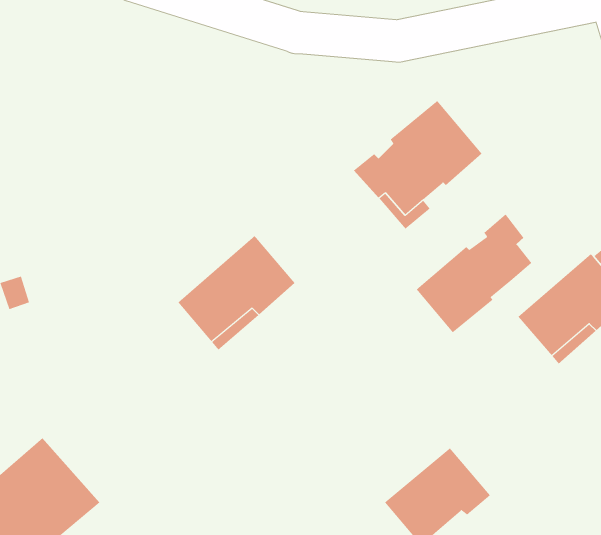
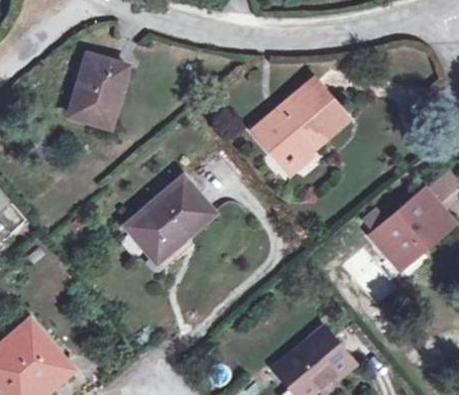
building: none -> [71,53,128,125]
building: [416,213,532,333] -> none

